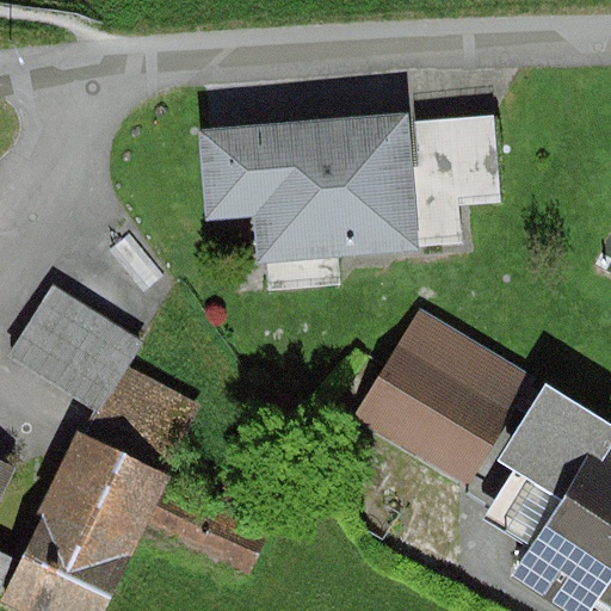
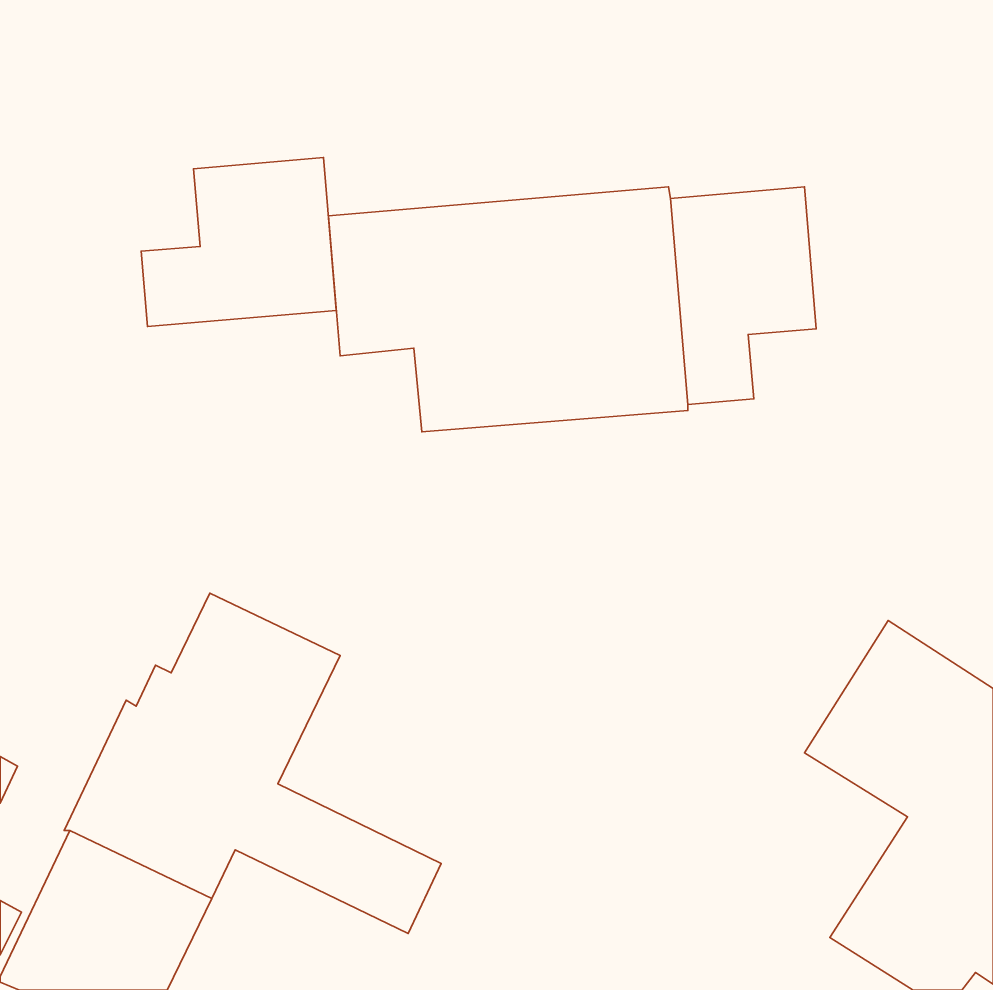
building: none -> [141,157,336,327]
building: [7,285,142,413] -> none
building: [353,308,532,485] -> none

